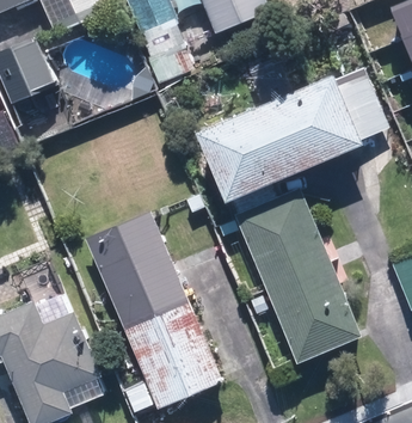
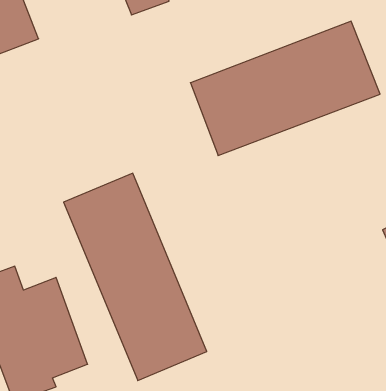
building: [235,195,361,361] -> none

